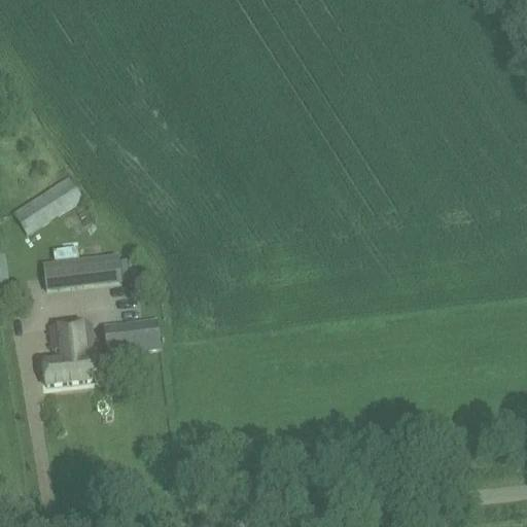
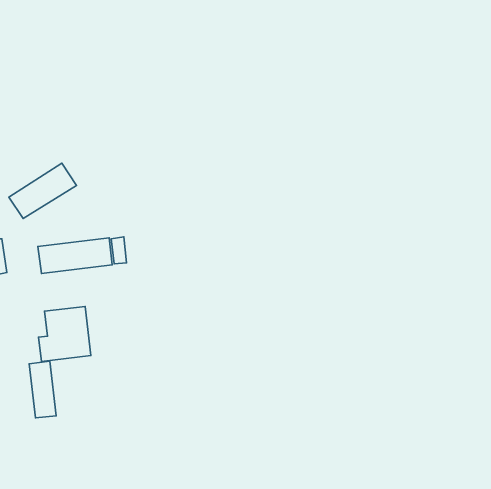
building: [102,317,160,354] -> none
building: none -> [29,361,56,418]

